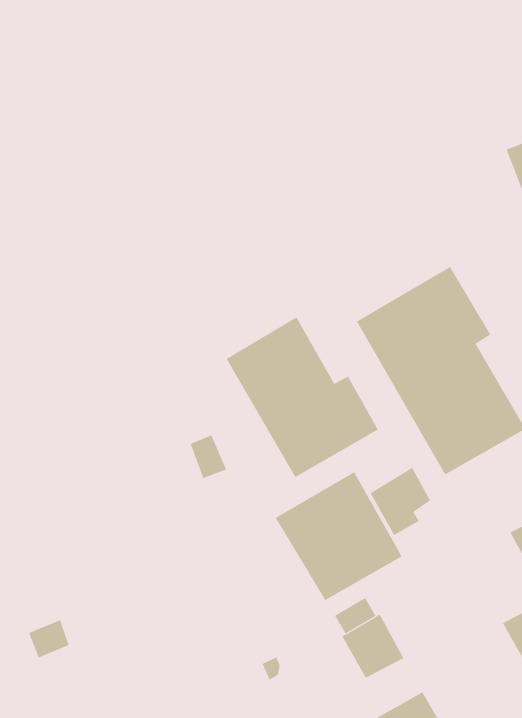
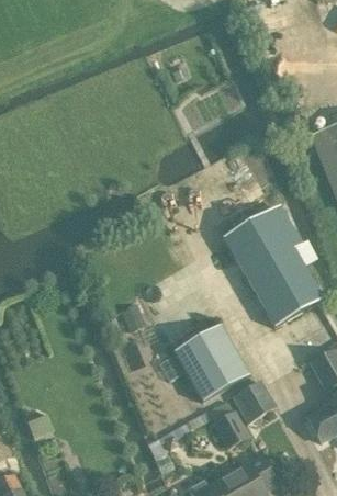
building: [226,317,378,478] -> none
building: [370,467,431,536] -> [237,379,273,419]

